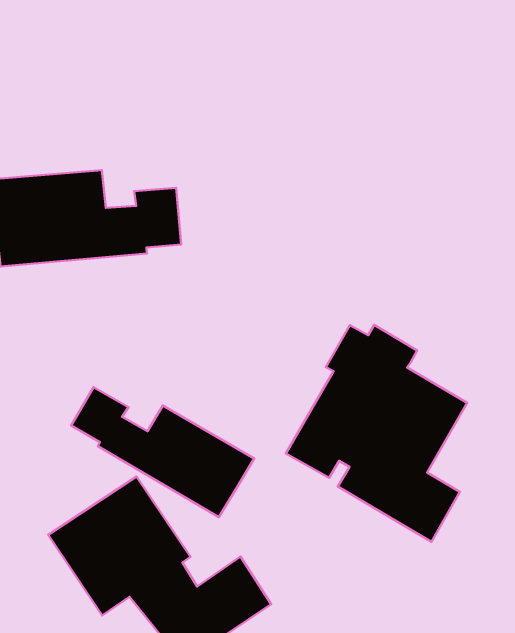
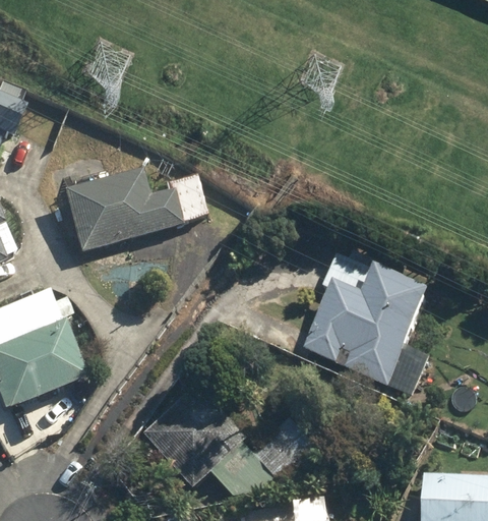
building: [71,387,254,517] -> none

